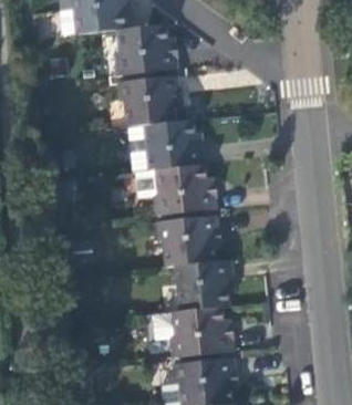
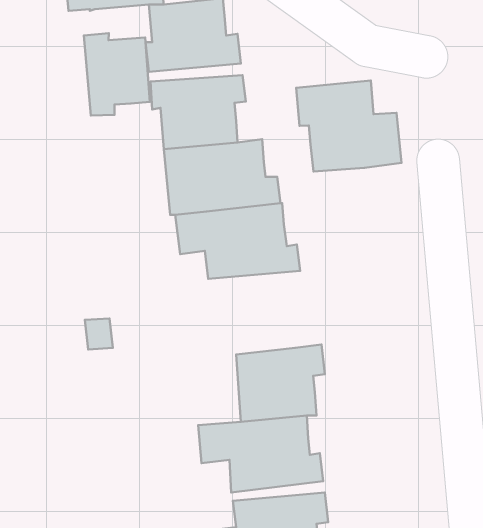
building: none -> [84,33,150,116]
building: none -> [296,80,402,172]
building: [156,219,219,268] -> none

